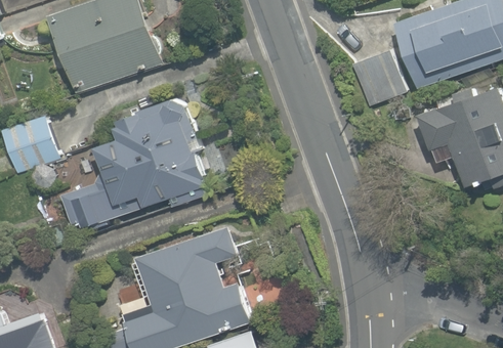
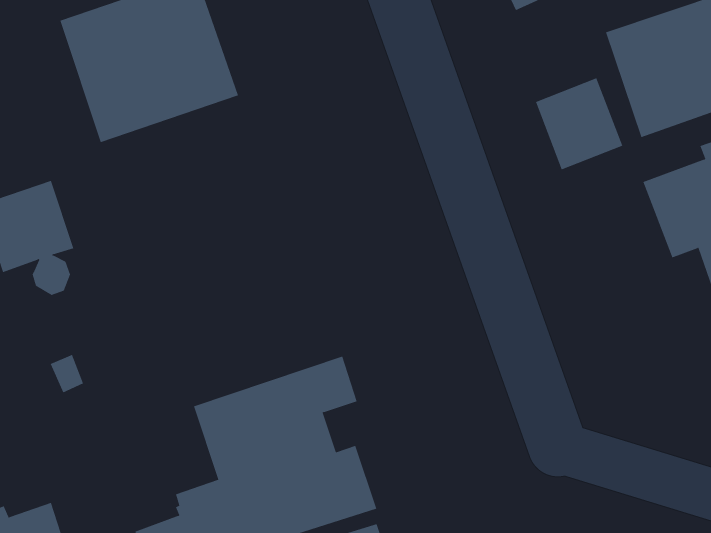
building: [60,98,204,228] -> none

